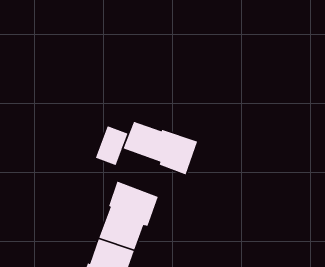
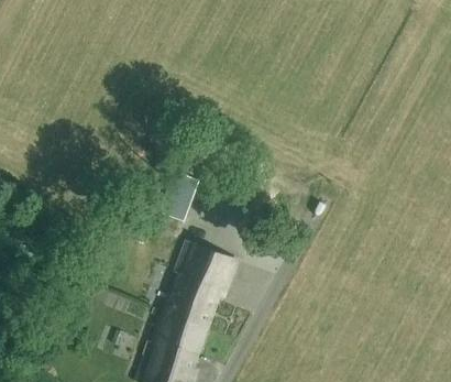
building: [123,121,198,175] -> none

